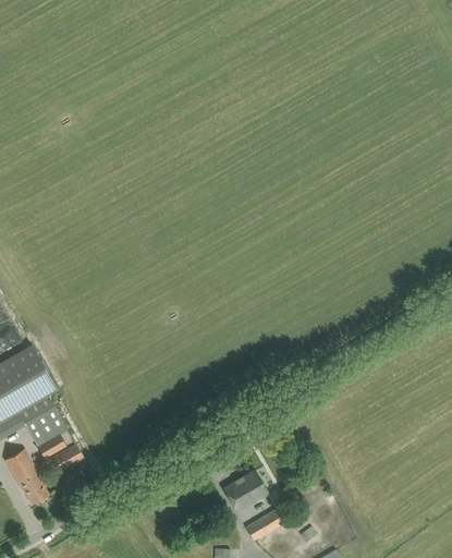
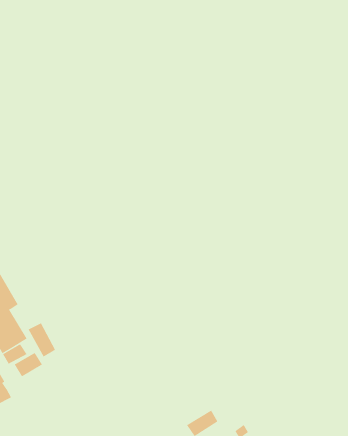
building: none -> [28,322,56,357]
building: [222,469,268,511] -> none

